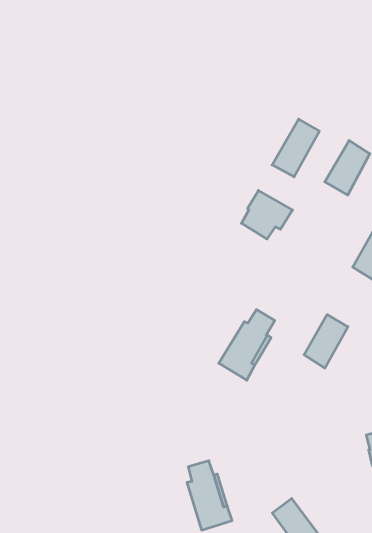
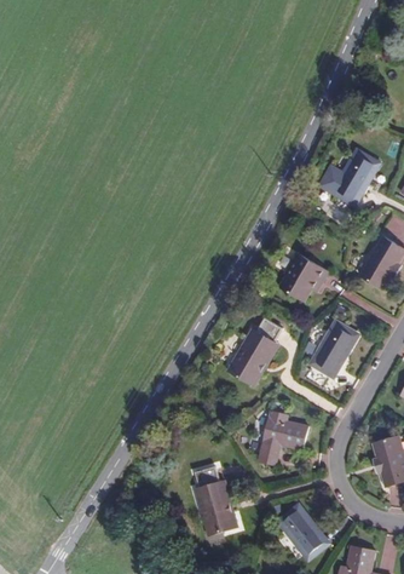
building: [272,119,319,177] -> none
building: [241,190,293,239] -> [276,252,327,300]
building: none -> [254,413,306,467]

